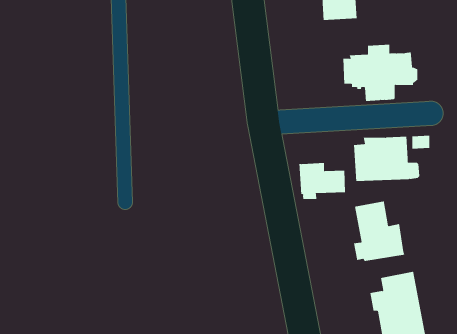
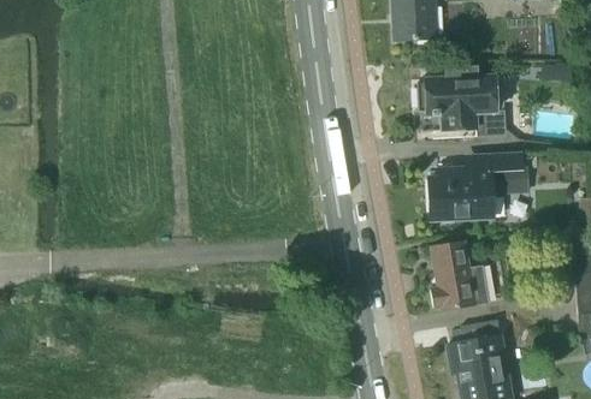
building: [299,162,346,200] -> none

